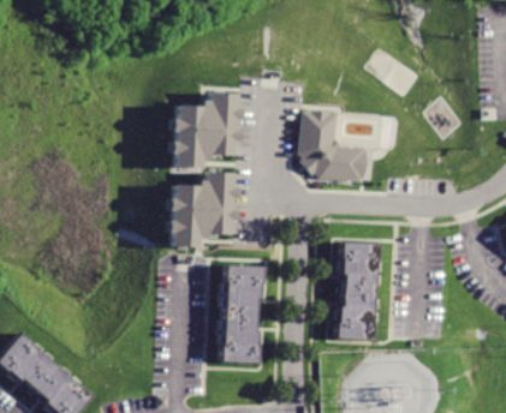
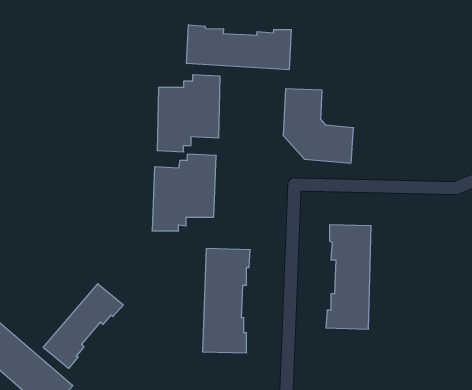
building: none -> [187,25,291,70]
building: none -> [43,284,123,368]

